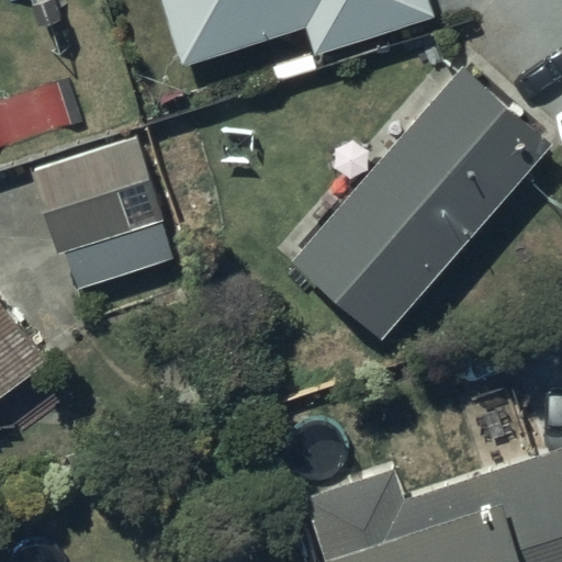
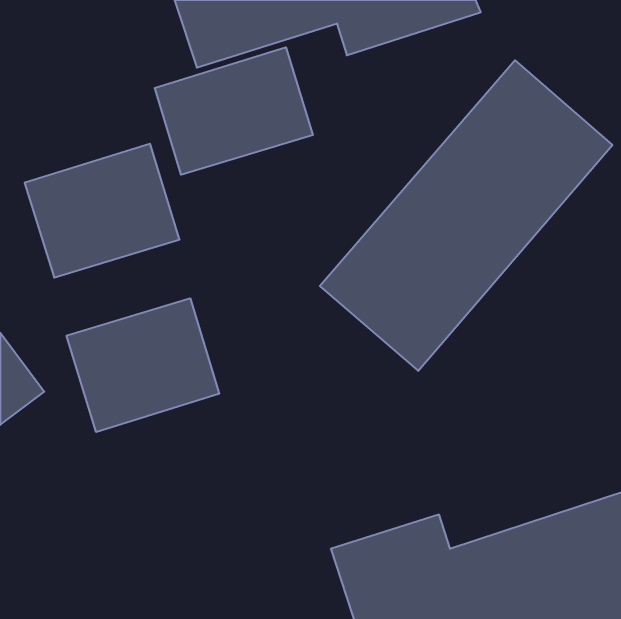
building: none -> [155,47,313,175]
building: none -> [67,298,219,432]

